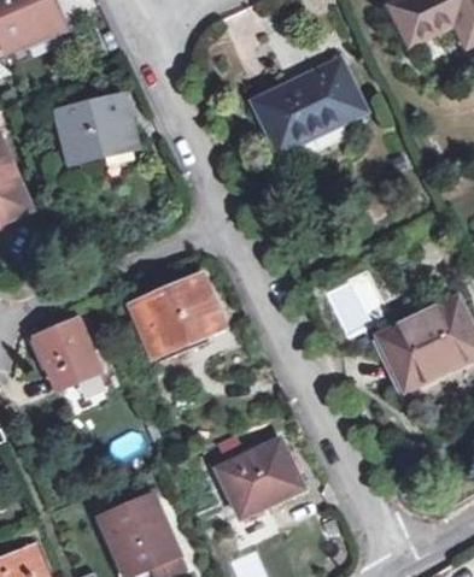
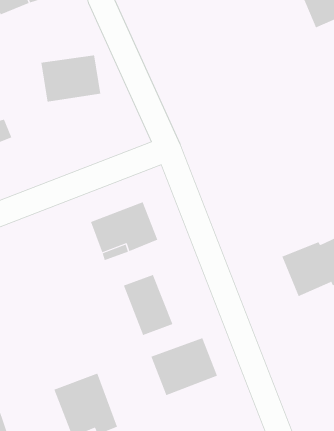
building: [247,61,351,151] -> none
building: [34,317,96,388] -> none
building: none -> [123,274,173,336]

